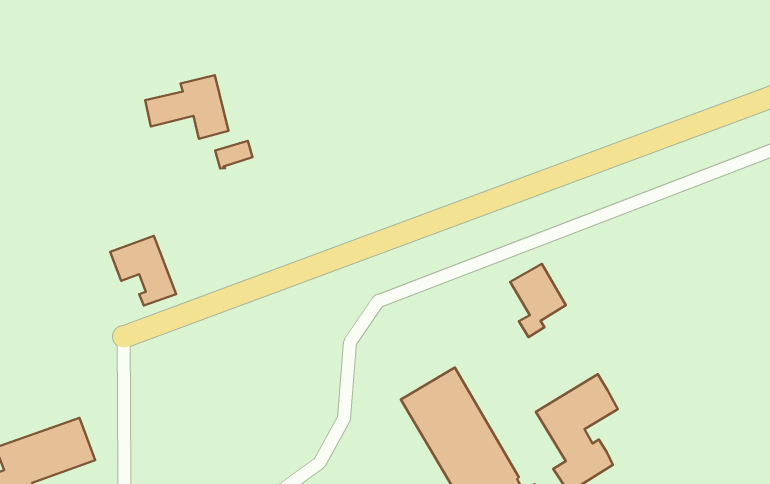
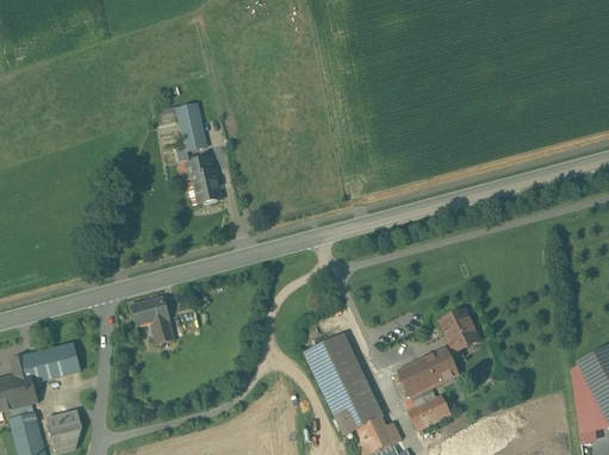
building: none -> [193,169,223,201]
building: [110,236,176,306] -> [132,295,176,344]
building: [510,264,566,337] -> [442,307,480,359]

